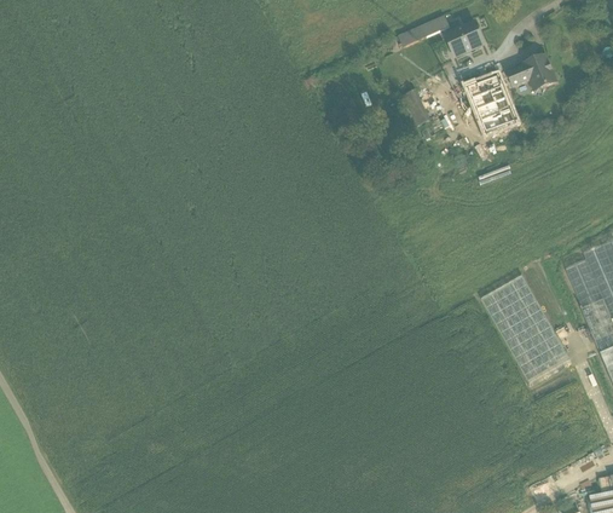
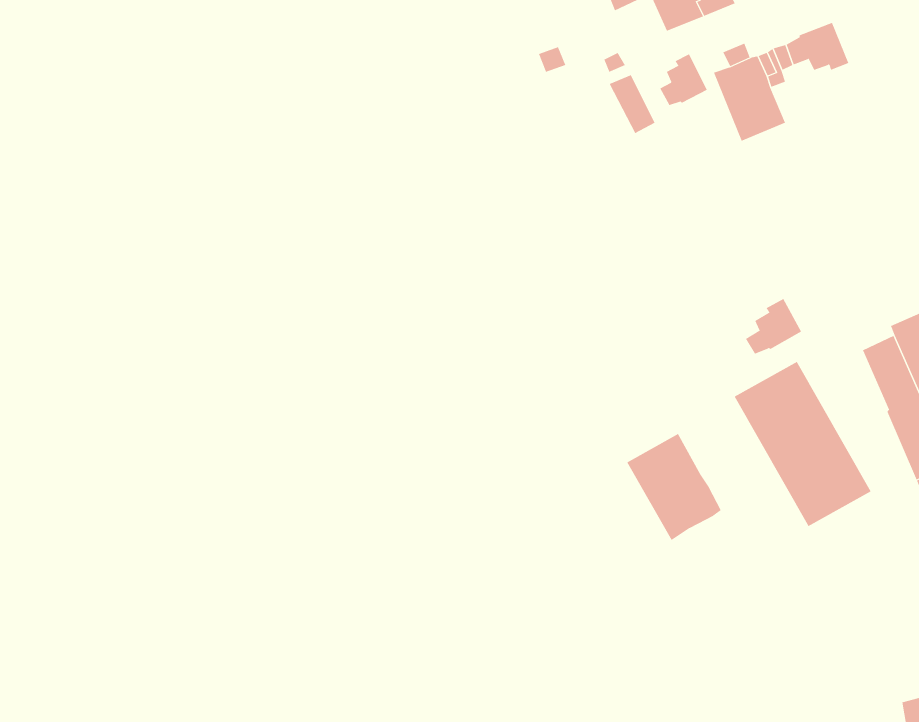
building: none -> [659,53,708,106]
building: none -> [745,298,802,355]
building: none -> [627,433,721,541]

